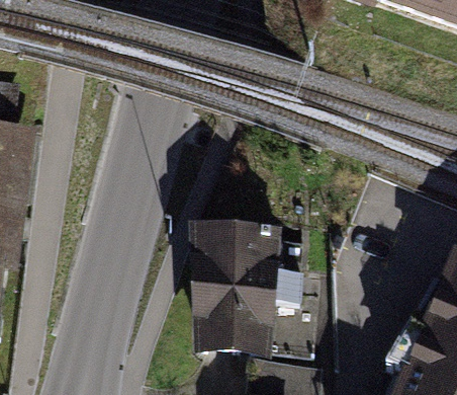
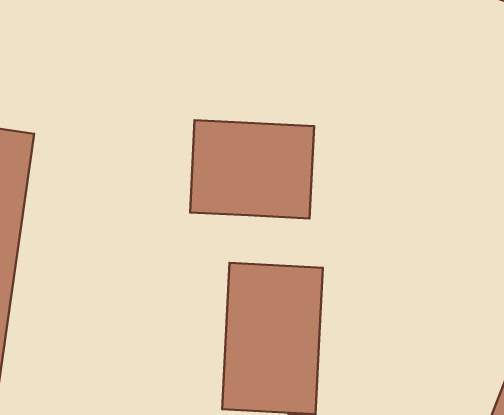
building: none -> [190,120,314,218]

